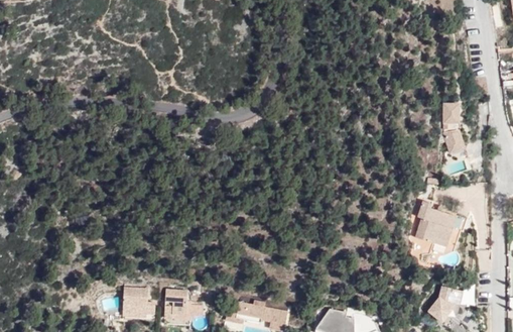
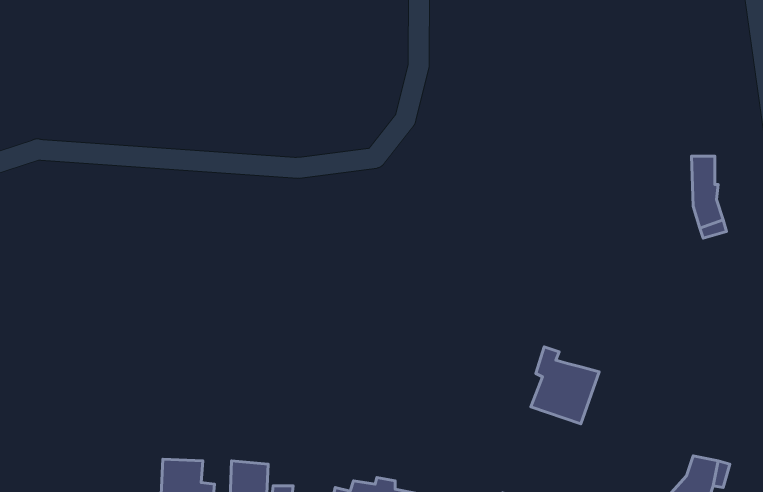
building: [413,203,455,249] -> [531,347,599,424]

